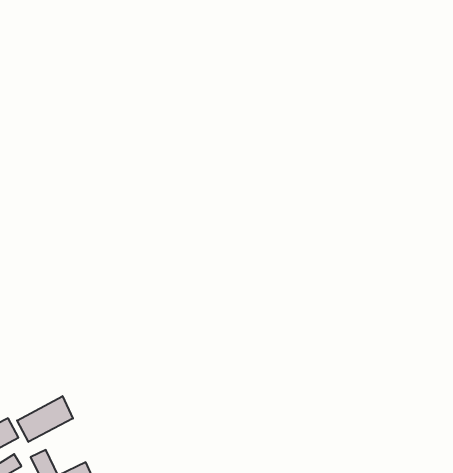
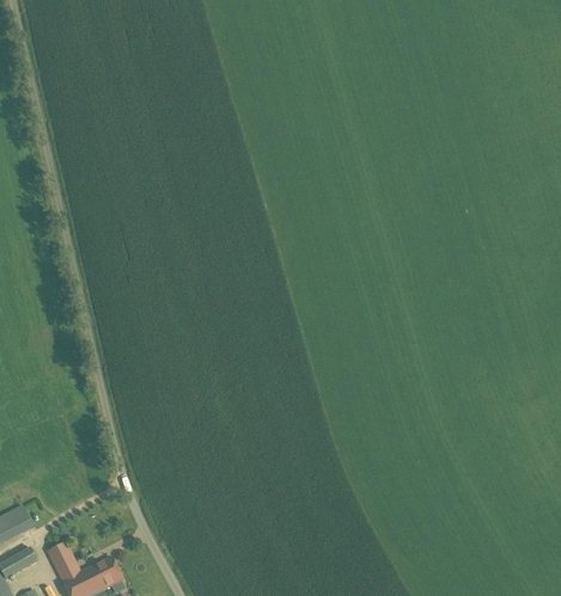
building: [17,396,73,442] -> none

